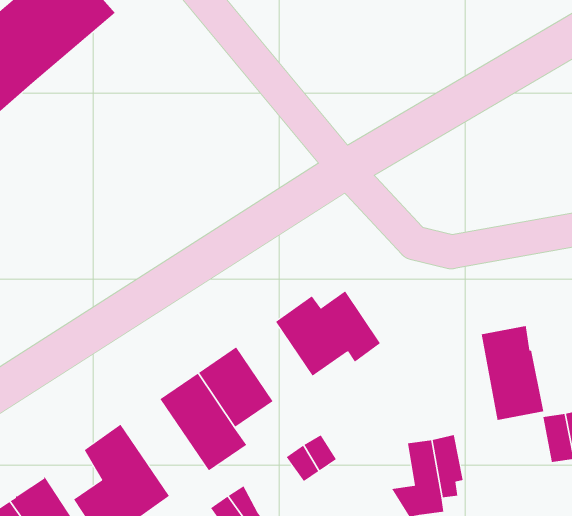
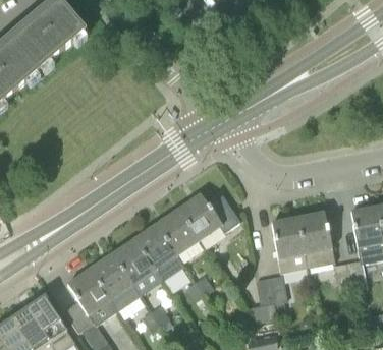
building: none -> [156,210,200,255]
building: none -> [271,217,307,272]
building: none -> [89,254,140,310]

